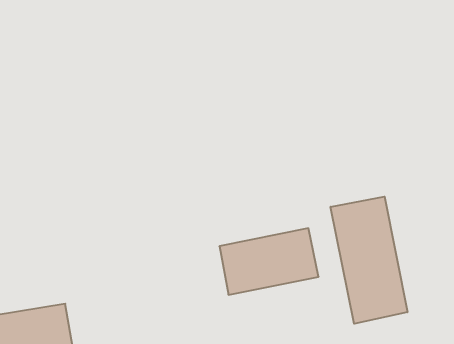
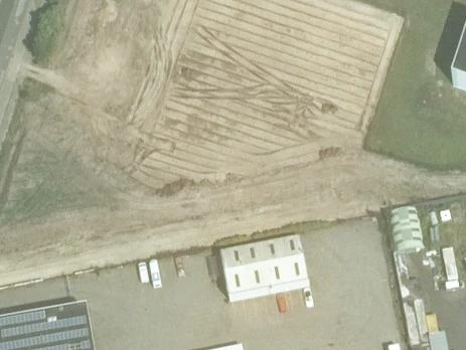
building: [331,197,407,324] -> none

